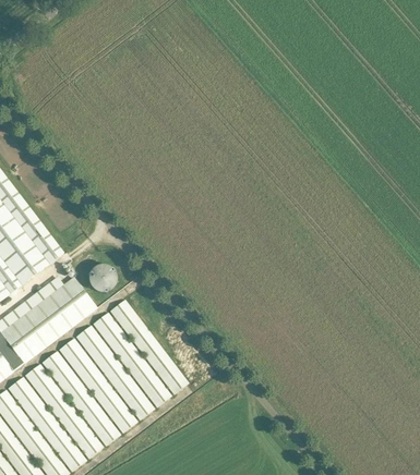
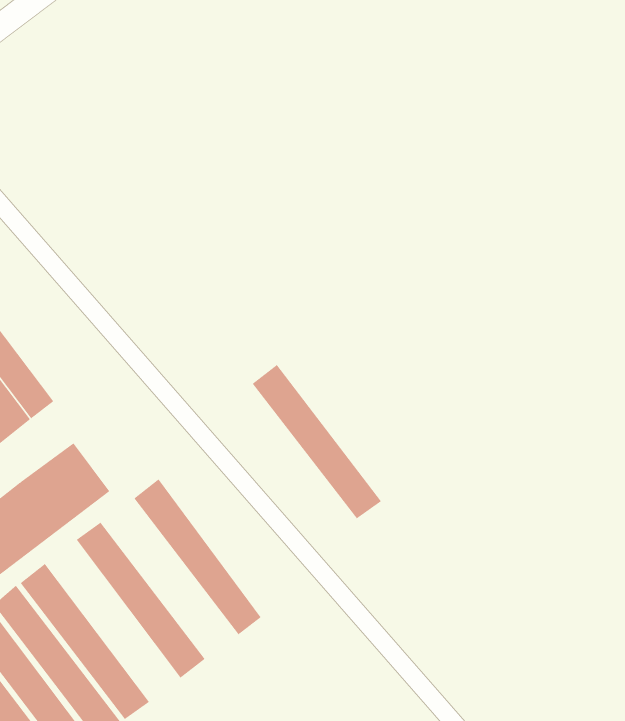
building: [87,265,116,293] -> none
building: [92,313,170,406] -> [252,364,382,519]
building: [58,339,136,433] -> none

